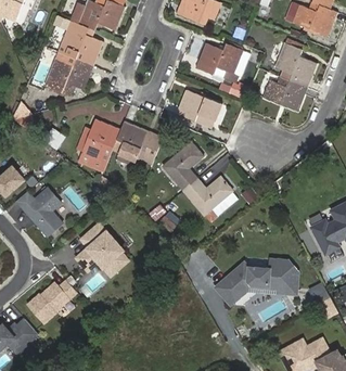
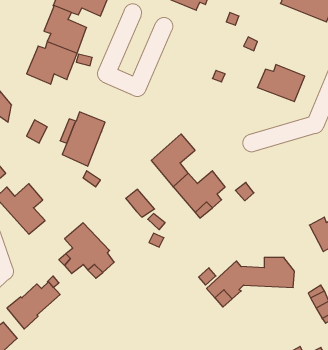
building: [274,42,317,87] -> none
building: [196,43,243,82] -> none
building: [177,89,221,121] -> none
building: [116,121,163,166] -> none

